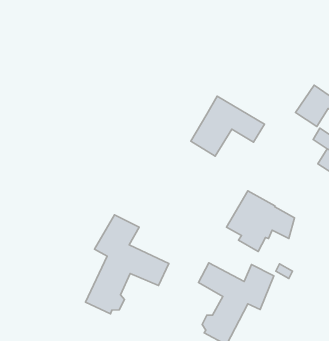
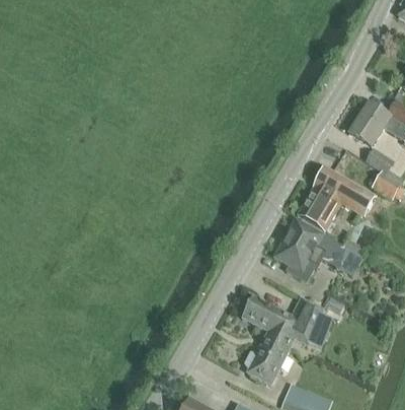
building: [191,96,265,156] -> [297,166,377,231]
building: [85,215,169,314] -> none

